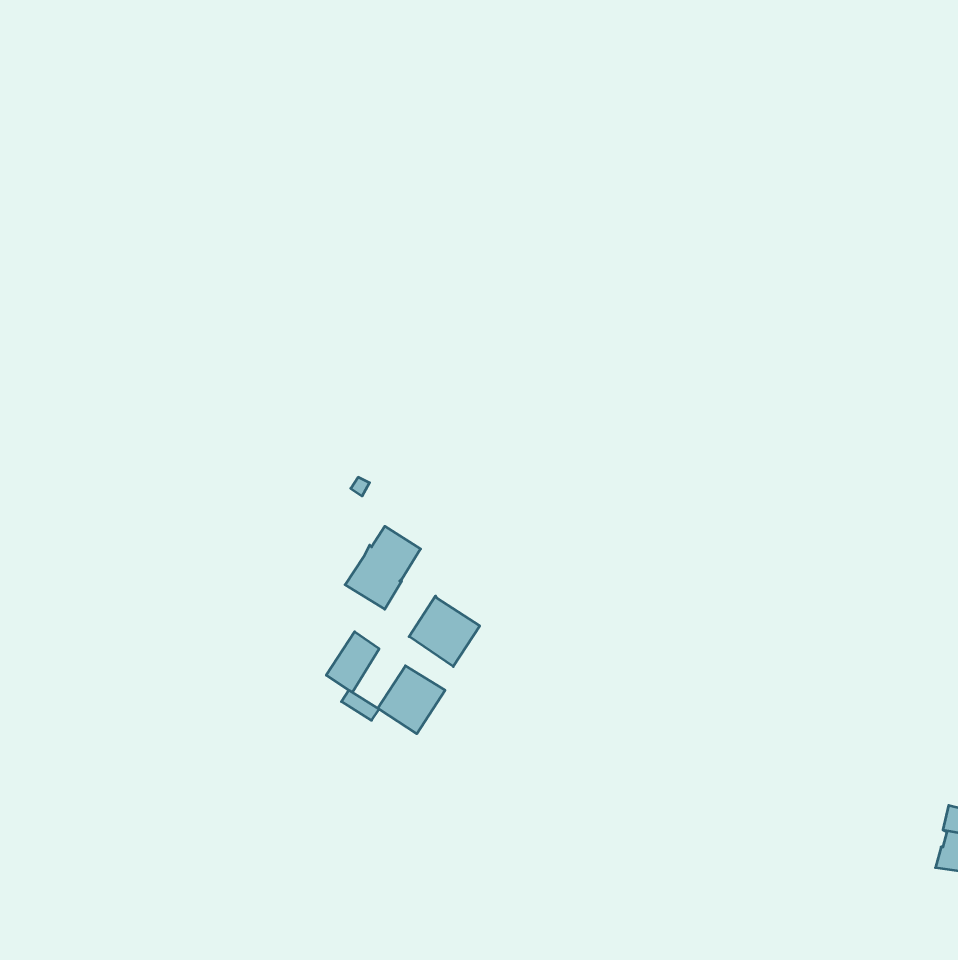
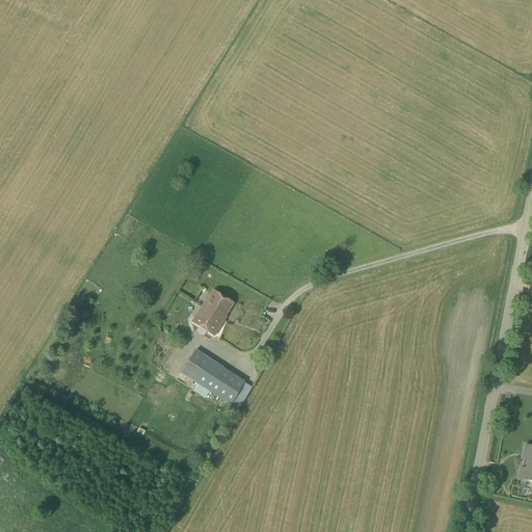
building: [409,596,480,667] -> none

